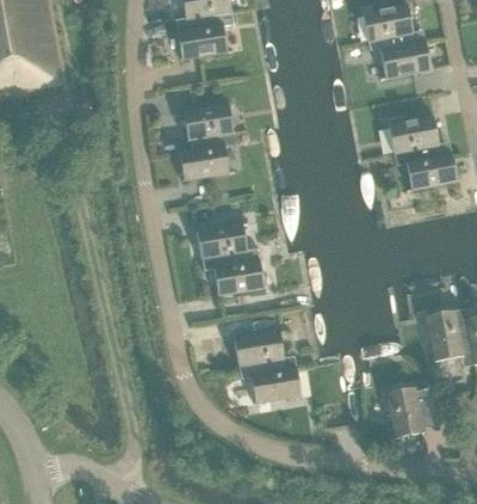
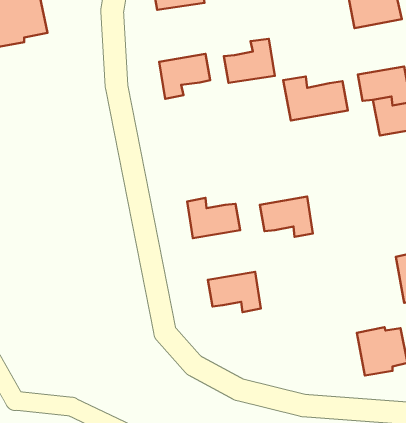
building: none -> [283,76,348,120]
building: [176,134,229,179] -> [224,39,275,83]
building: [194,222,249,264] -> [260,197,313,237]
building: [247,361,302,402] -> none

